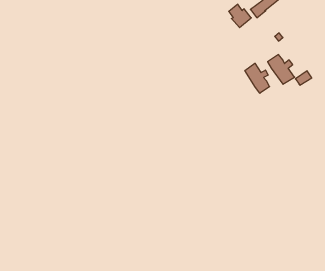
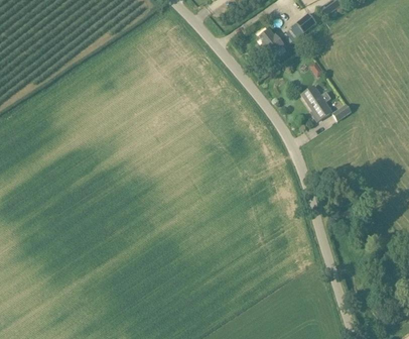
building: [245,63,270,93] -> none

